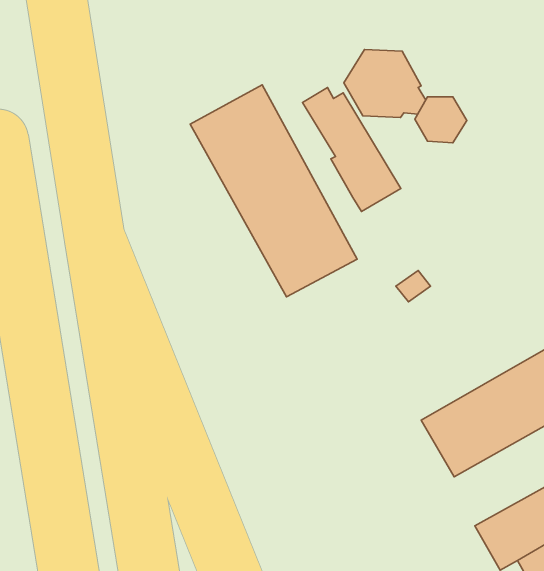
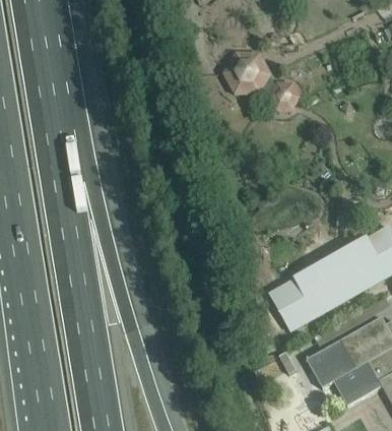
building: [190,85,357,297] -> none
building: [303,87,401,212] -> none

